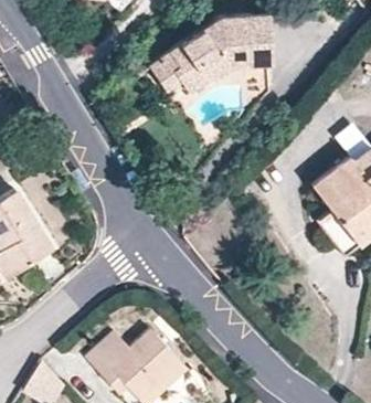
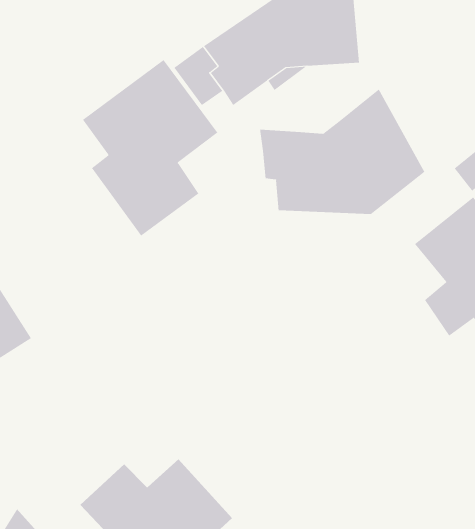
building: none -> [82,59,218,236]
building: none -> [260,88,425,215]

